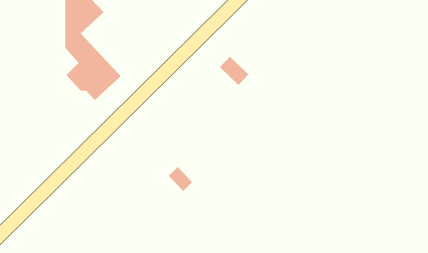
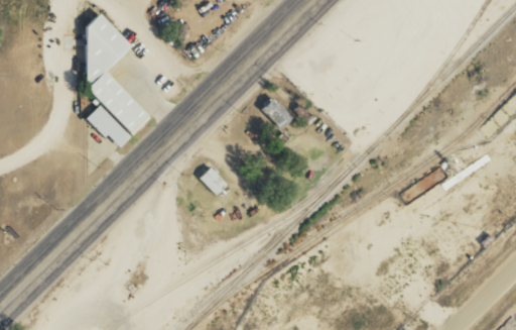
building: [168,166,193,192] -> [201,166,229,195]

